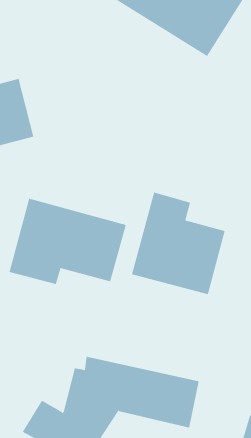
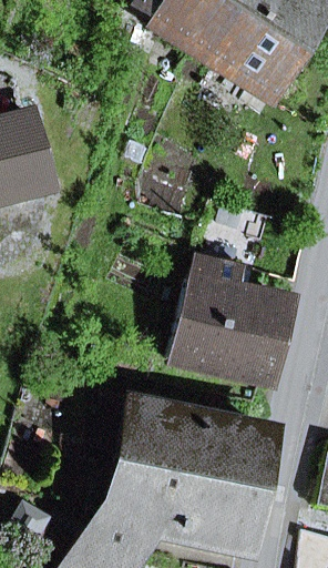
building: [9,198,126,285] -> none
building: none -> [100,396,274,491]

